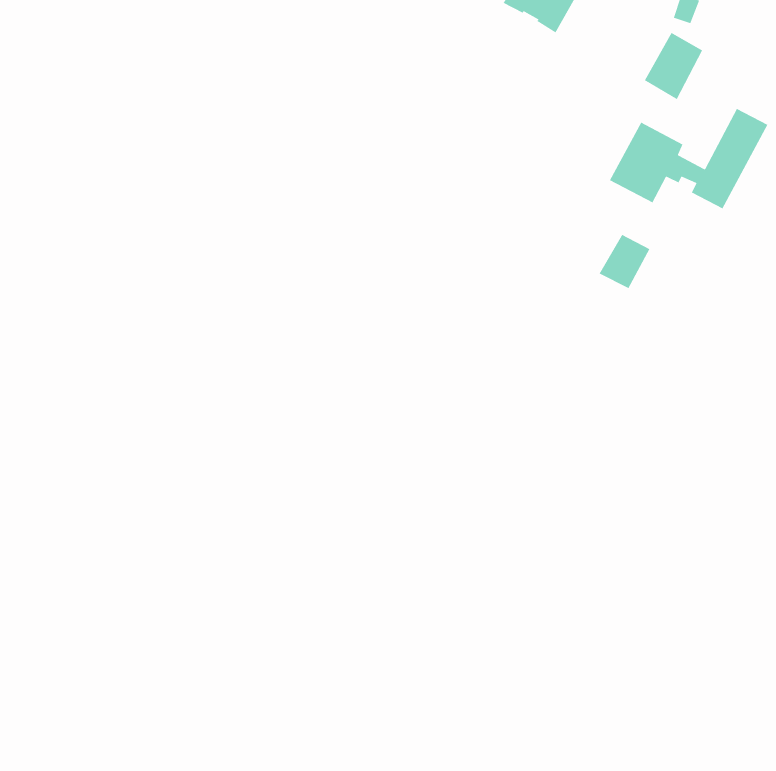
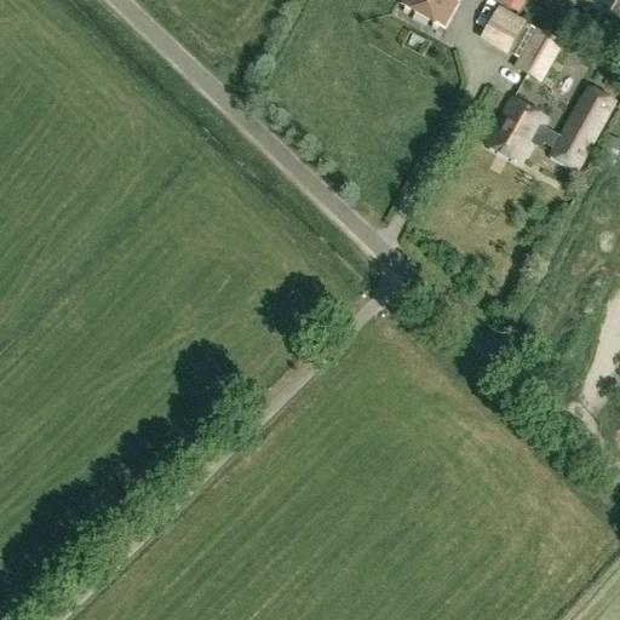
building: none -> [481,7,535,45]
building: [598,234,651,289] -> none

